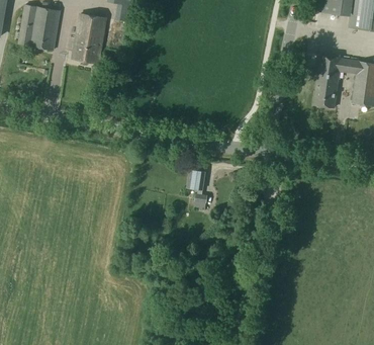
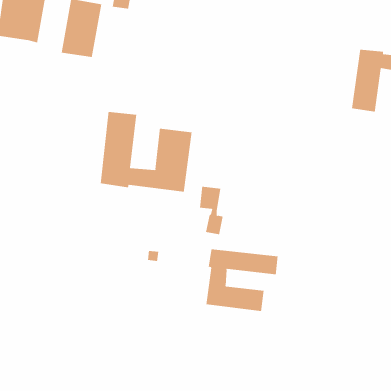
building: none -> [100,111,192,192]
building: none -> [206,248,278,312]

